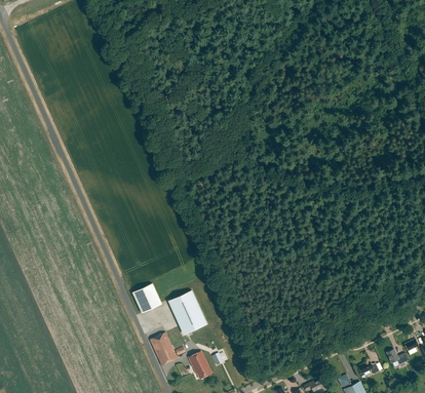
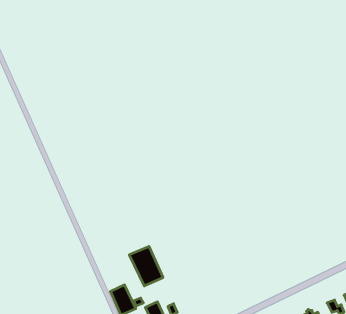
building: [132,284,161,314] -> none

